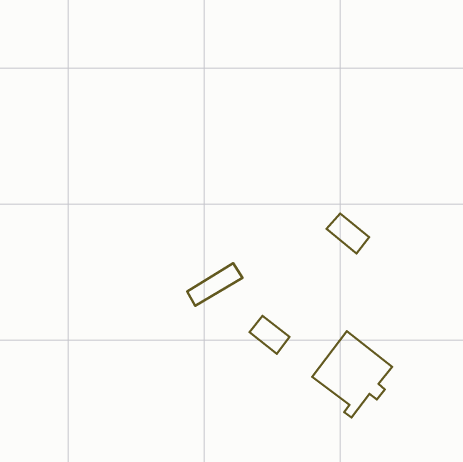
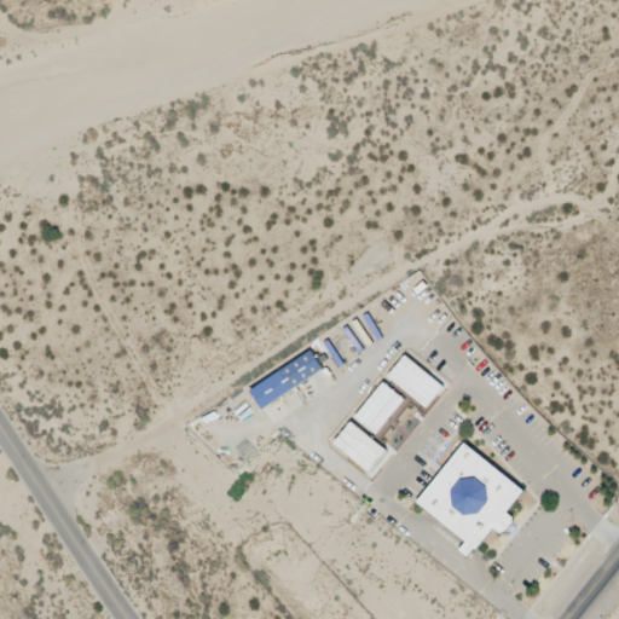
building: [326,213,369,253] -> [386,354,442,407]
building: none -> [354,381,403,433]

